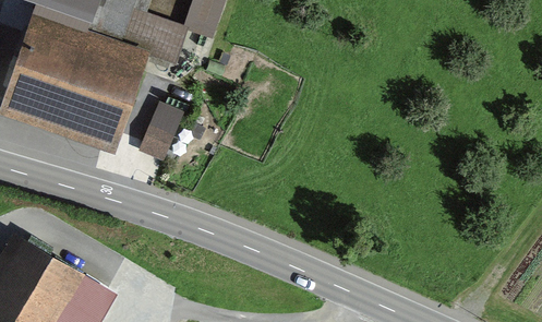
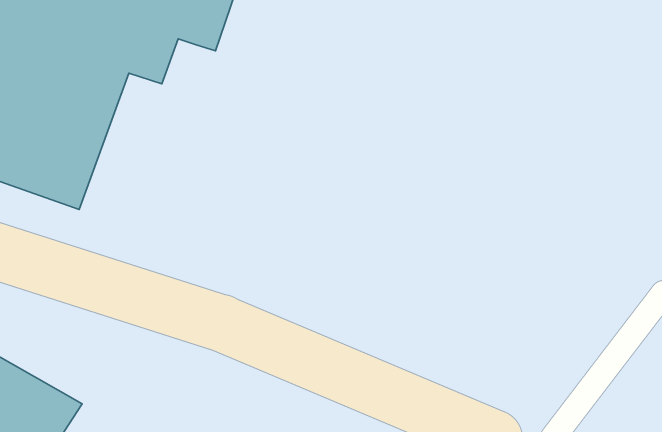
building: [135,103,180,162] -> none

